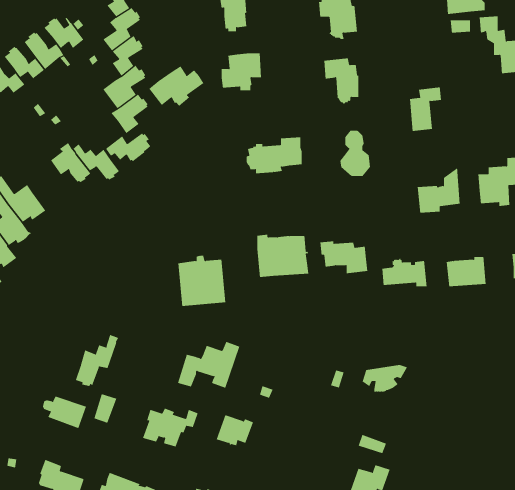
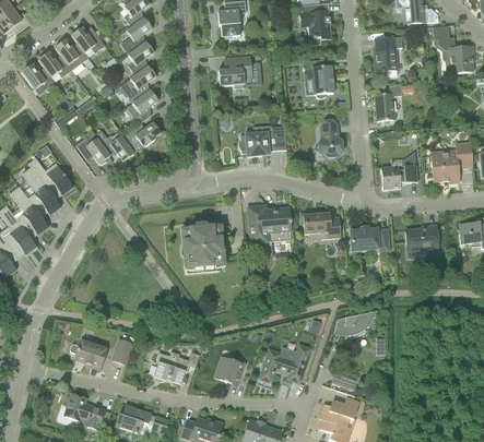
building: none -> [374,36,402,75]
building: [149,66,204,107] -> none
building: [75,334,119,387] -> none
building: [177,341,240,389] -> [259,344,311,383]

